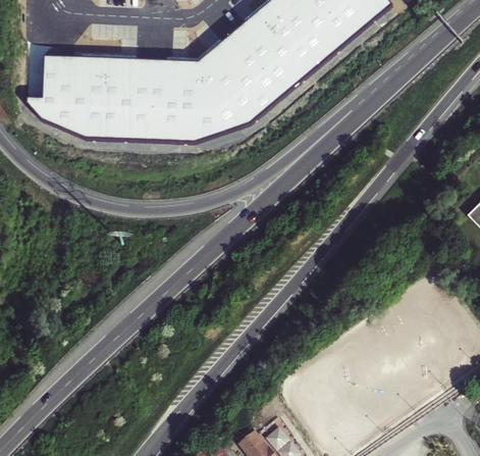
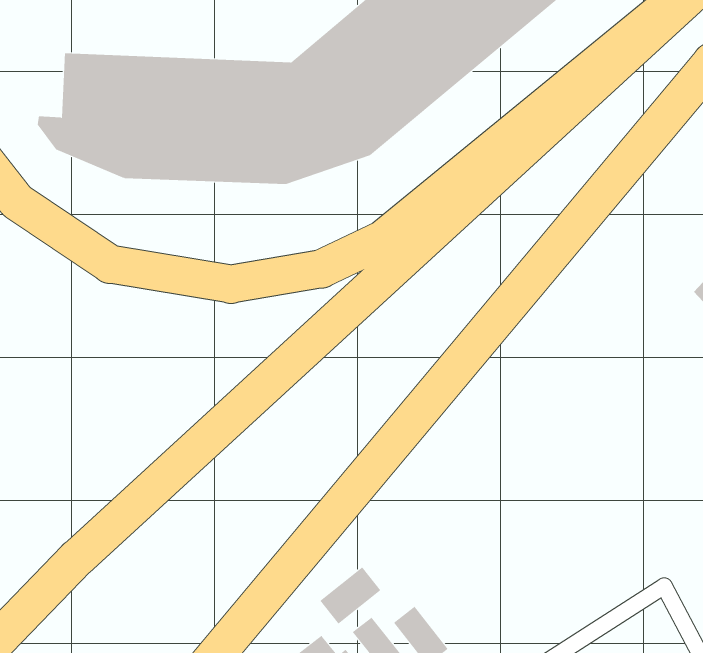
building: none -> [319,566,381,624]

